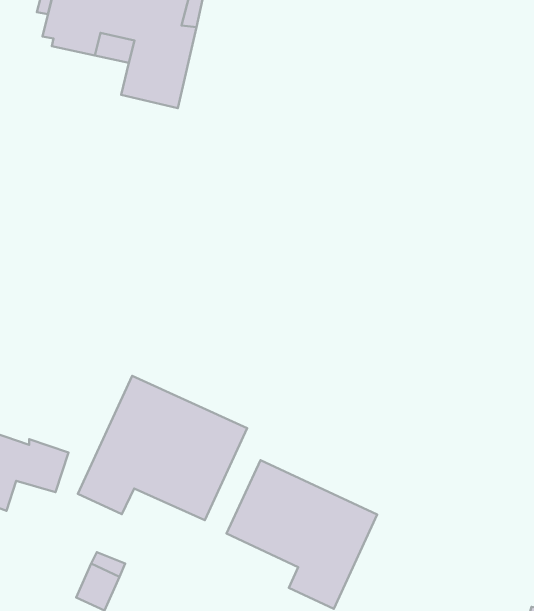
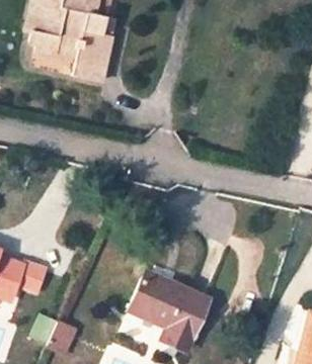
building: [78,376,247,520] -> none

